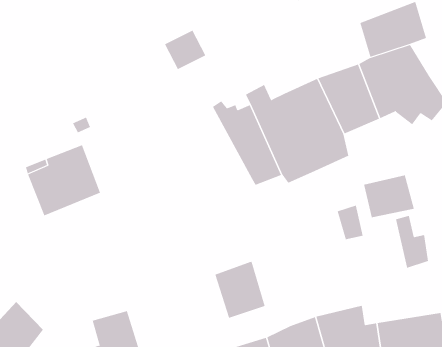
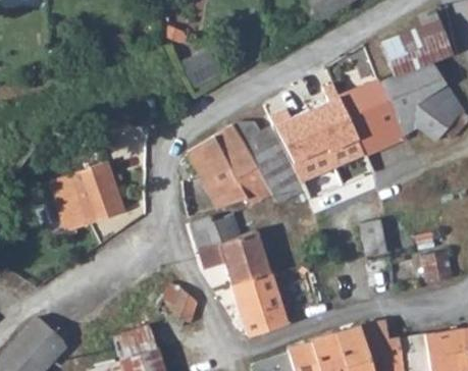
building: none -> [188,124,273,210]
building: [364,175,415,218] -> none
building: none -> [193,212,273,292]
building: none -> [161,286,200,323]

